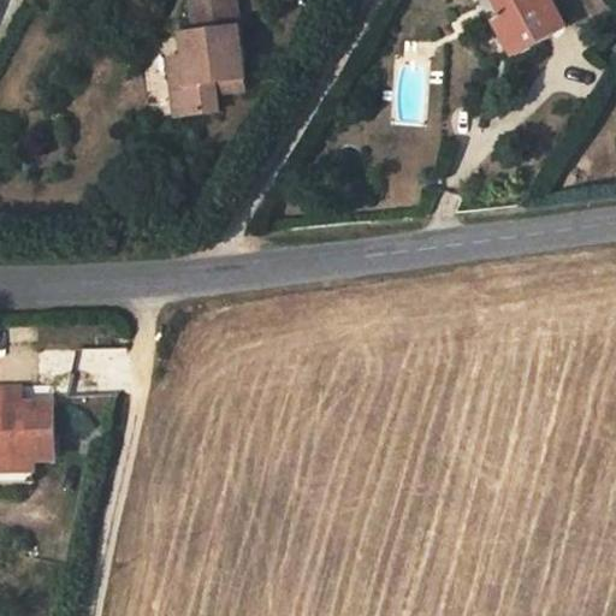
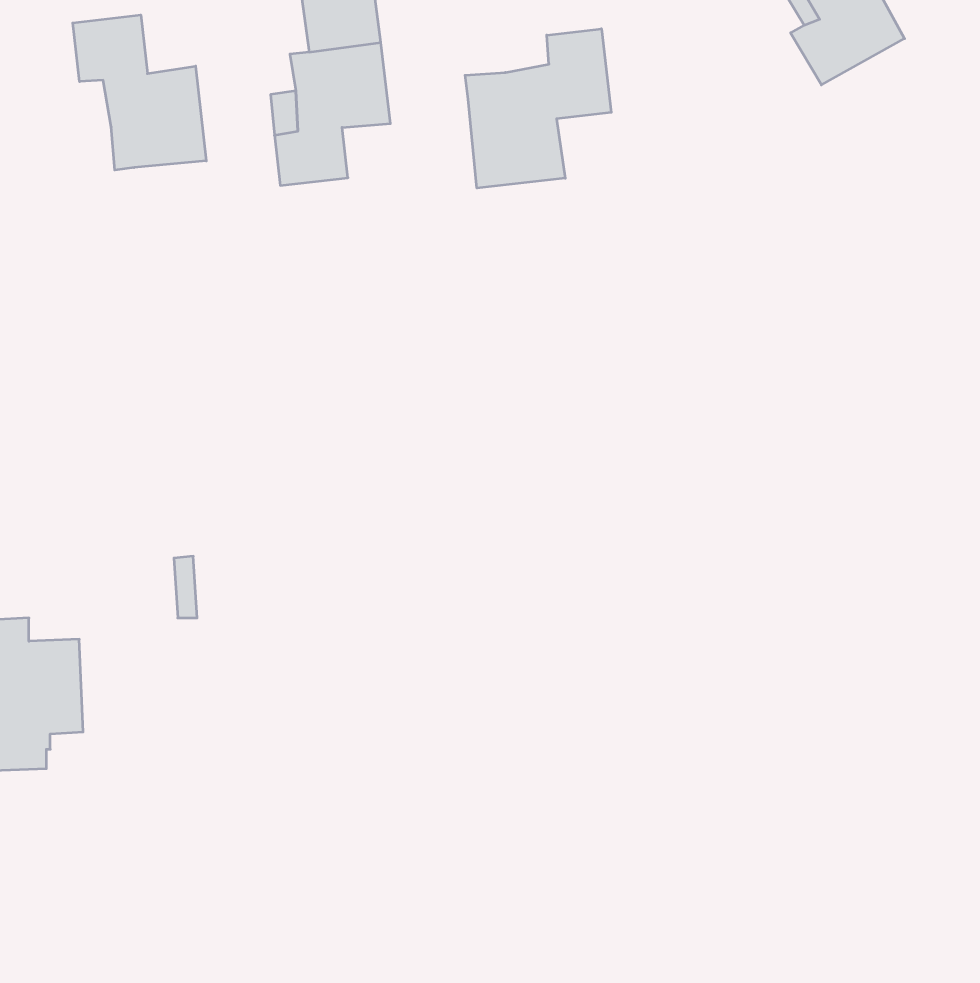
building: none -> [73,15,206,170]
building: none -> [465,29,611,188]

